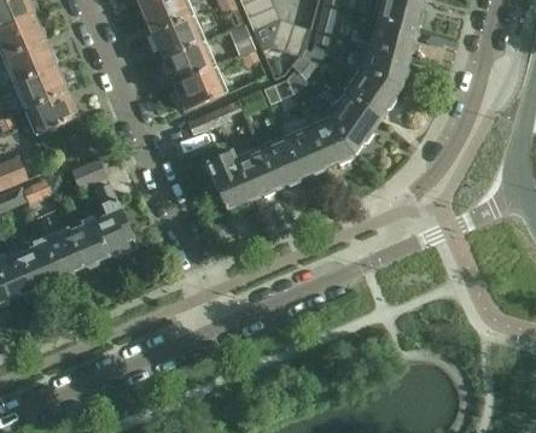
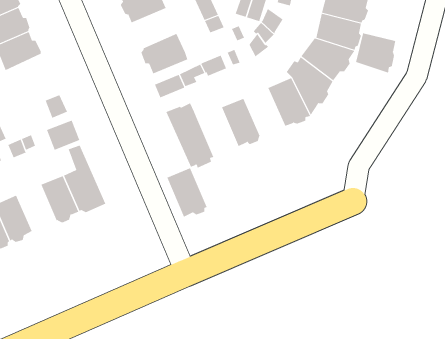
building: [162,40,211,82] -> none
building: none -> [355,32,396,73]
building: [29,88,77,131] -> none
building: [282,124,326,176] -> none
building: [233,145,276,198] -> [167,167,207,217]
building: [41,227,83,279] -> none

